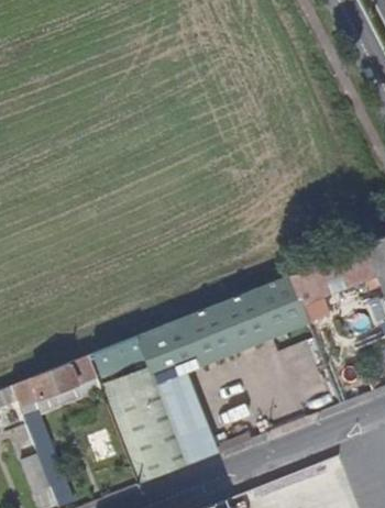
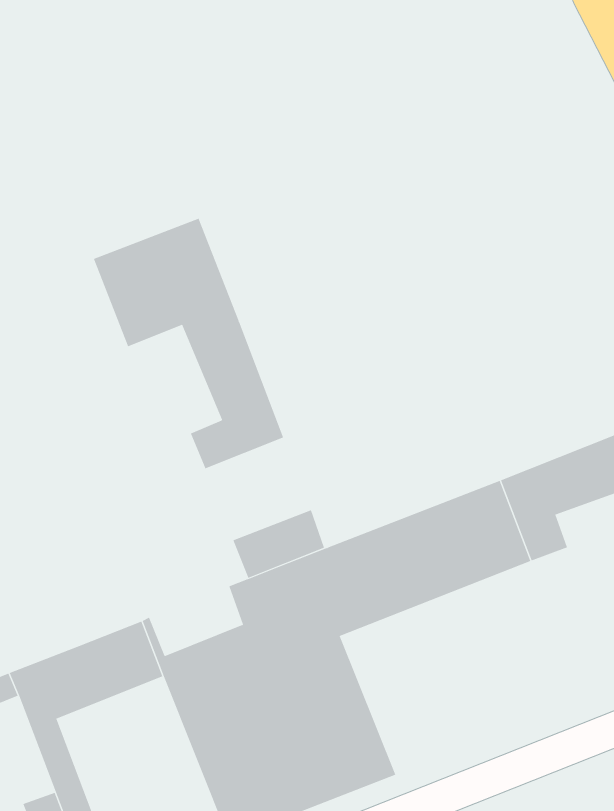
building: none -> [93,218,284,469]
building: [92,336,145,376] -> [232,509,325,579]

